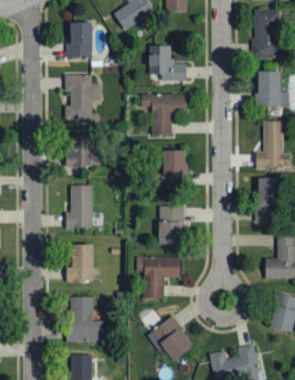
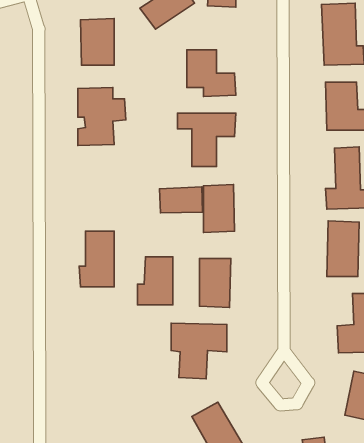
building: [68,134,92,166] -> none
building: none -> [160,187,203,213]
building: [66,244,93,281] -> [138,257,173,305]
building: [69,297,103,342] -> none

